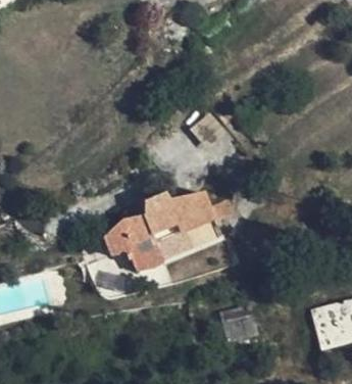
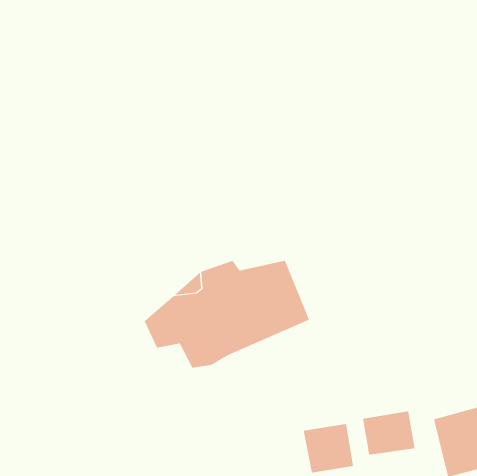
building: none -> [362,411,415,456]

